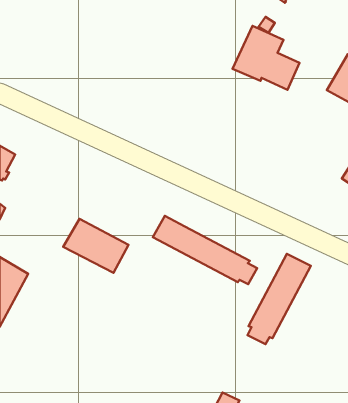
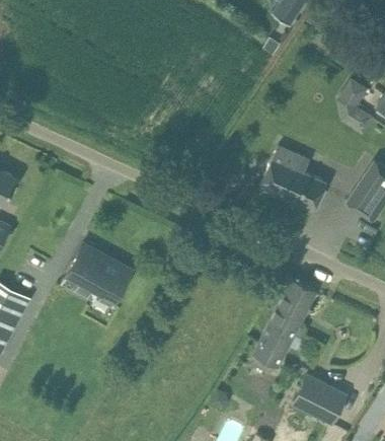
building: [232,26,299,90] -> [258,146,326,211]
building: [153,216,257,284] -> none
building: none -> [292,376,345,424]

